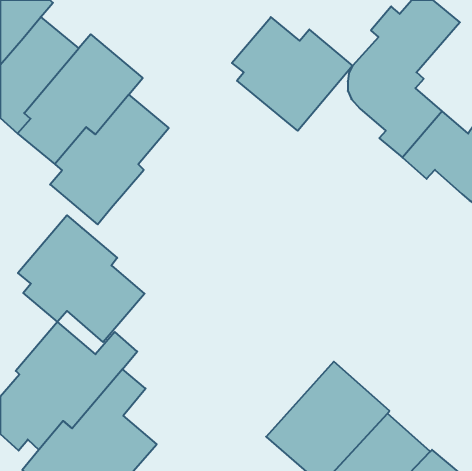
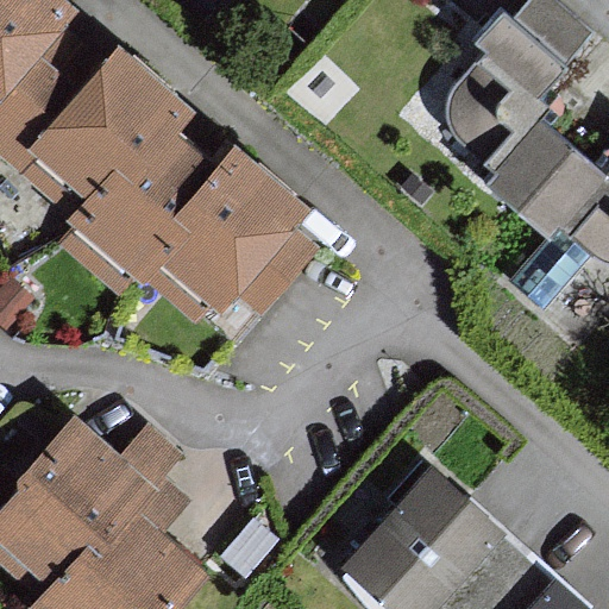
building: [232,17,352,131] -> none
building: none -> [145,146,314,314]
building: [18,215,145,342] -> none

